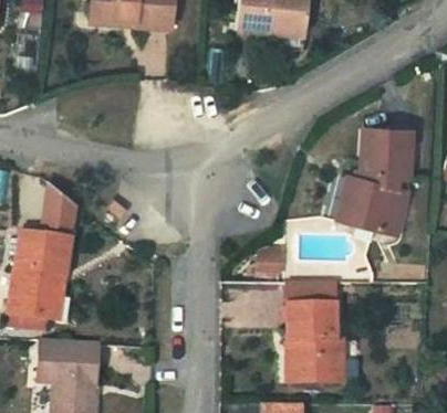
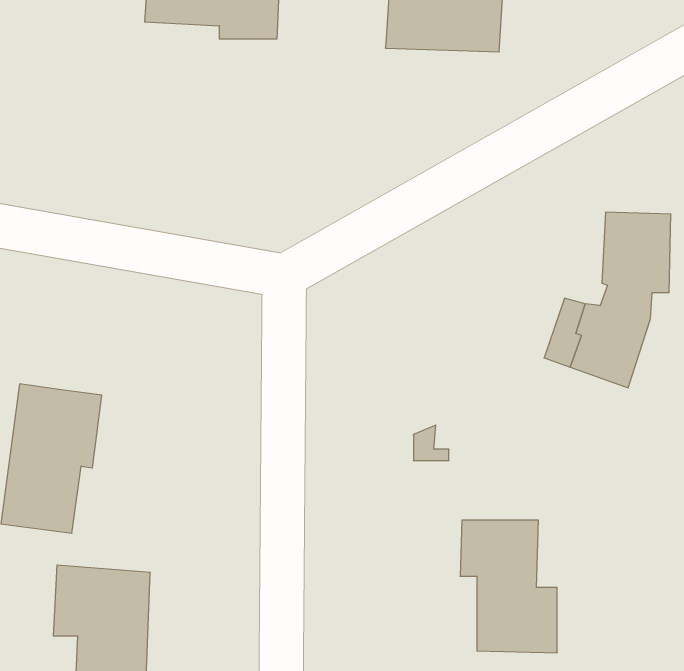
building: [46,183,77,239] -> none
building: [285,289,331,313] -> none

